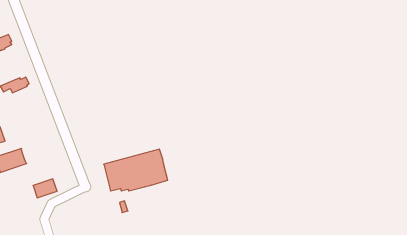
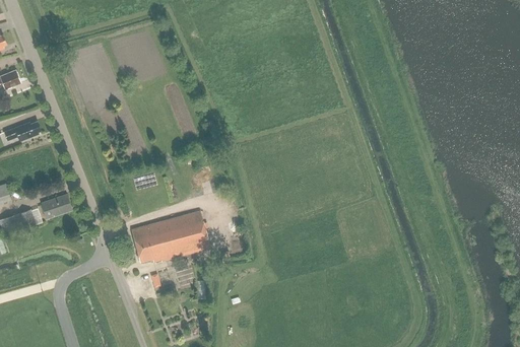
building: [33,179,57,198] -> [41,193,70,216]

